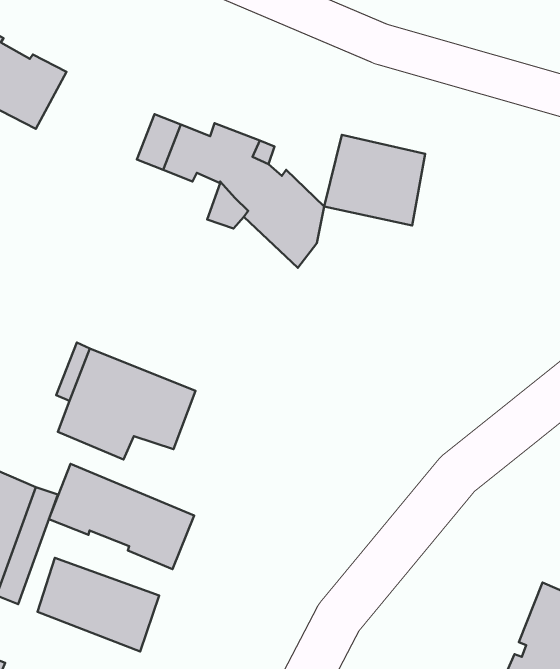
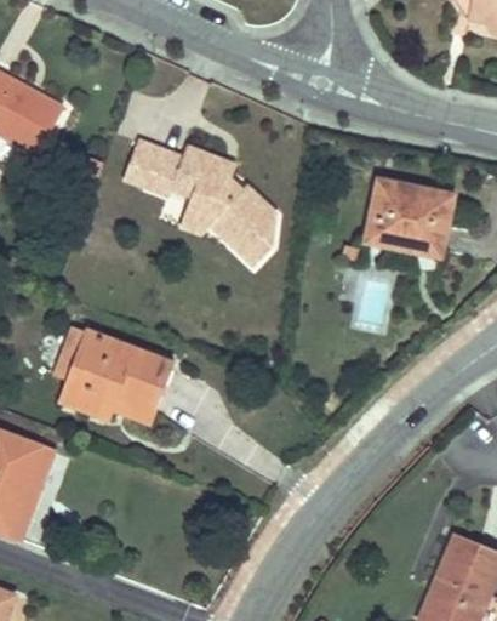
building: [324,135,425,225] -> [361,184,445,260]
building: [49,464,194,569] -> none
building: [38,558,159,652] -> none

